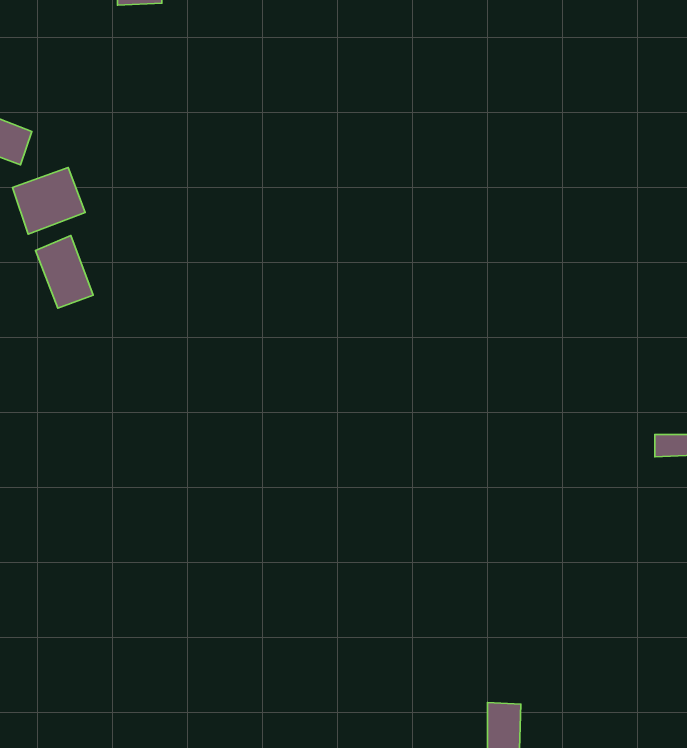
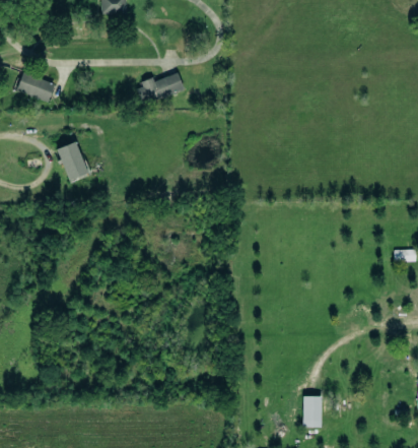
building: none -> [136,73,184,105]
building: [12,167,85,234] -> none

